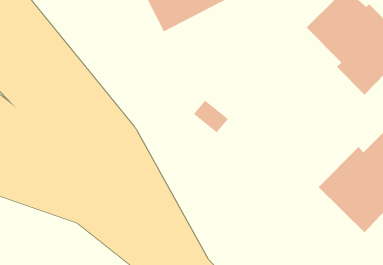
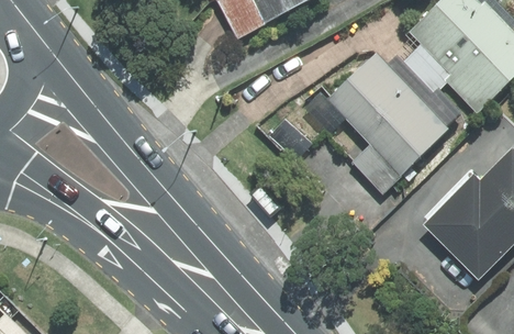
building: none -> [326,53,448,192]

